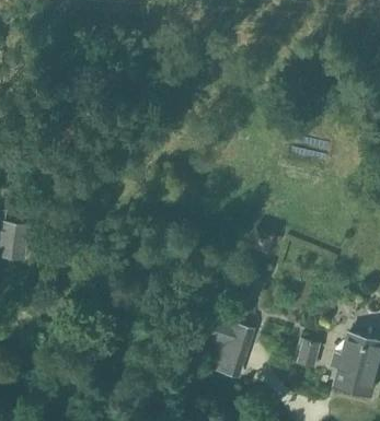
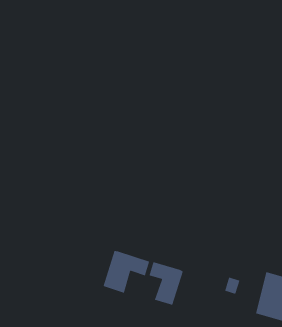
building: none -> [103,250,150,294]

